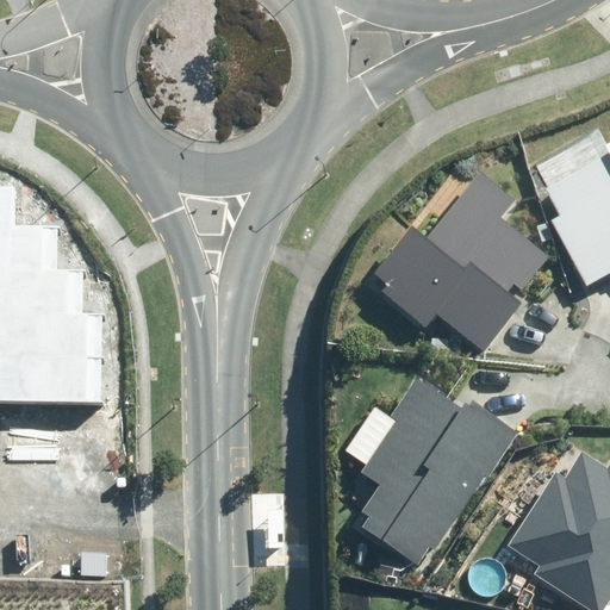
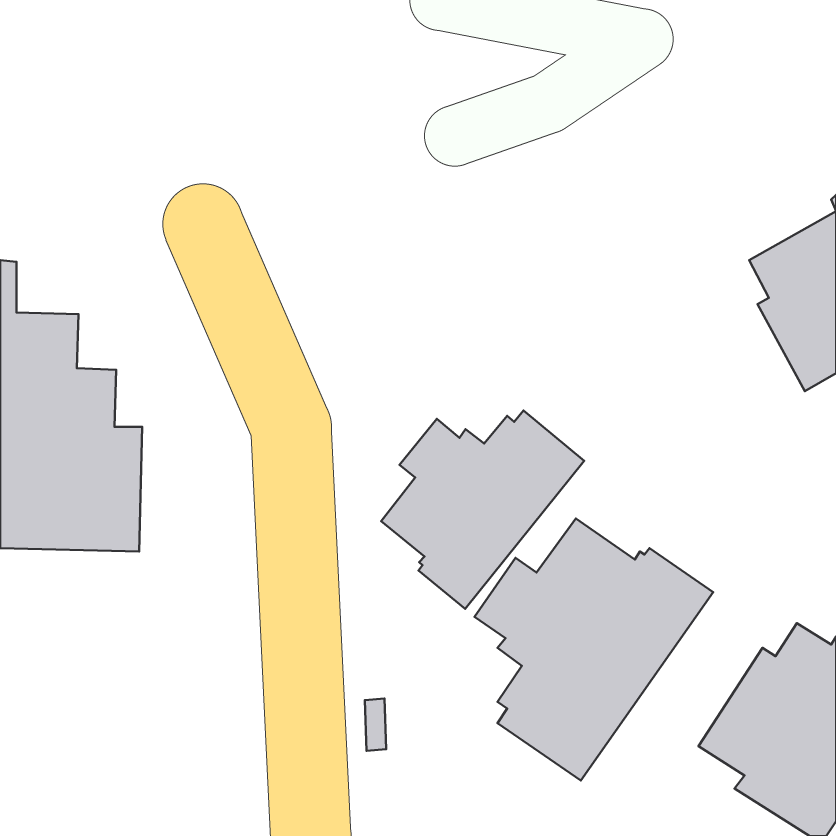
building: [374,170,550,350] -> none
building: none -> [381,411,584,609]

